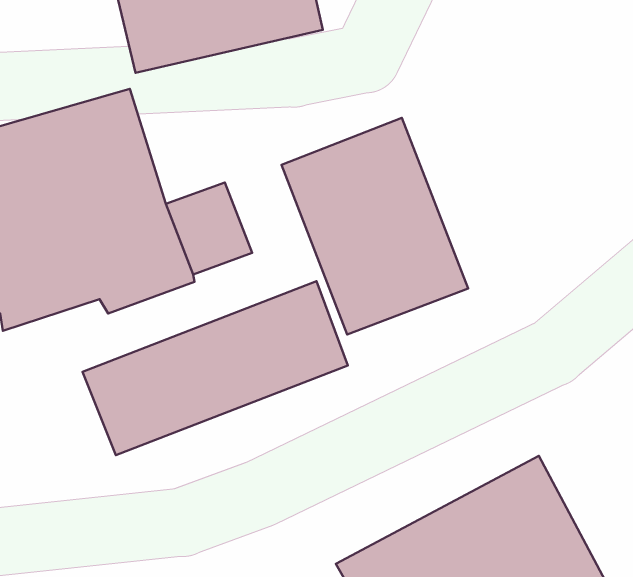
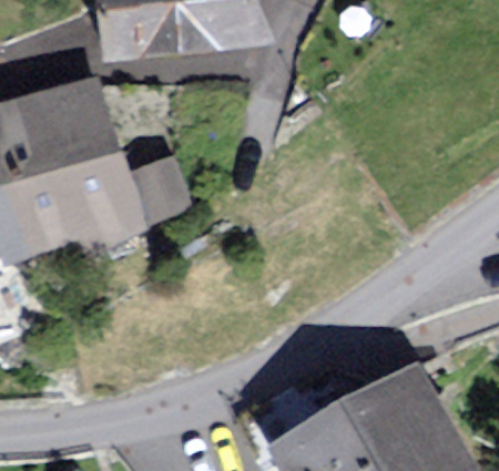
building: [282,118,468,335] -> none
building: [83,281,348,455] -> none

